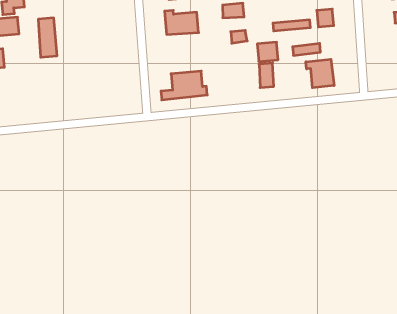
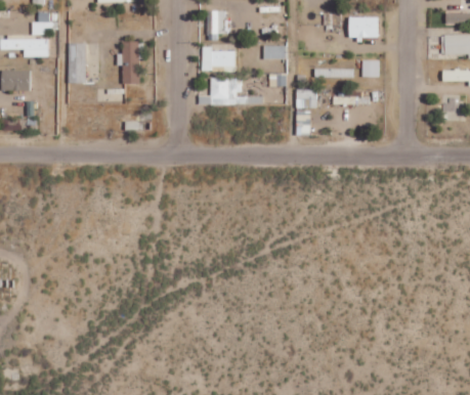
building: none -> [121,41,138,84]
building: [306,59,334,88] -> none
building: [161,71,207,100] -> [198,78,246,104]

